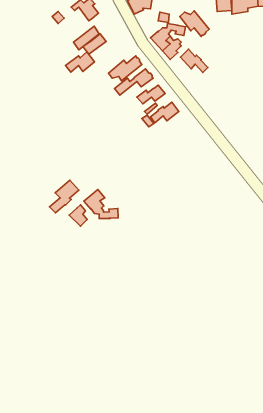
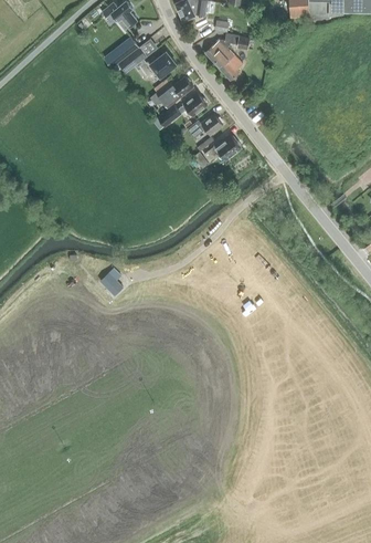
building: [180,11,209,37] -> none
building: [181,49,208,73] -> none
building: [66,52,95,72] -> [138,51,176,77]
building: [50,180,79,213] -> none
building: [84,190,118,219] -> none

